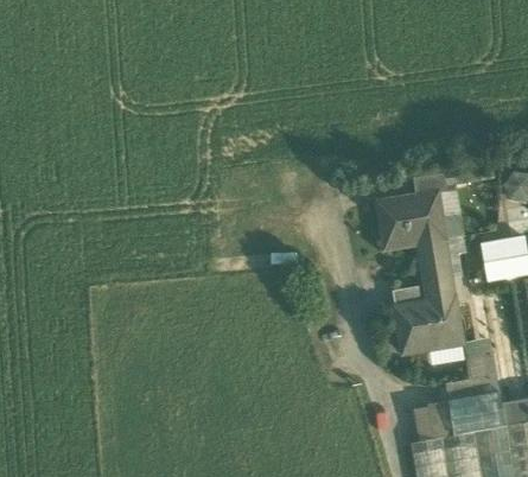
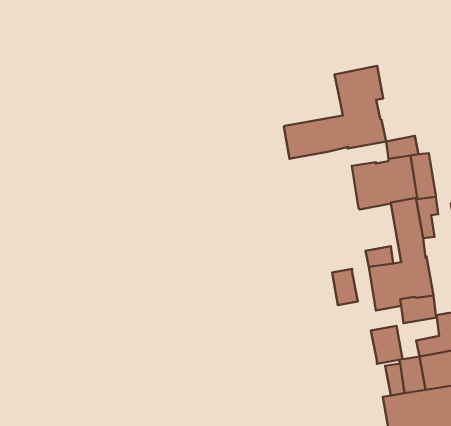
building: none -> [284,66,386,159]
building: none -> [332,269,358,305]
building: none -> [371,326,403,364]

